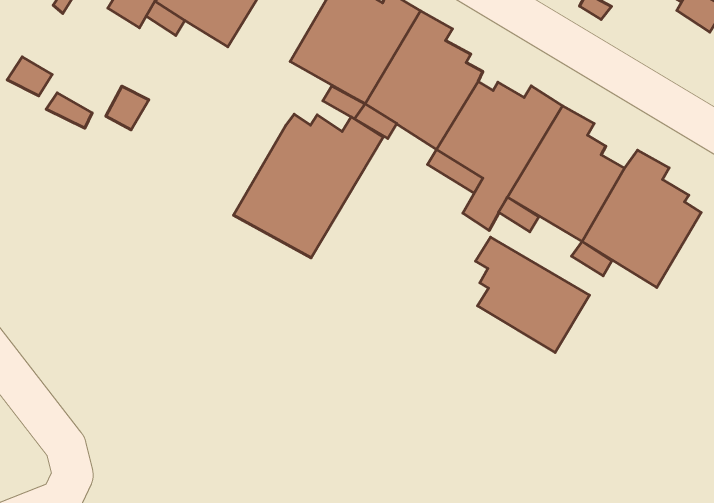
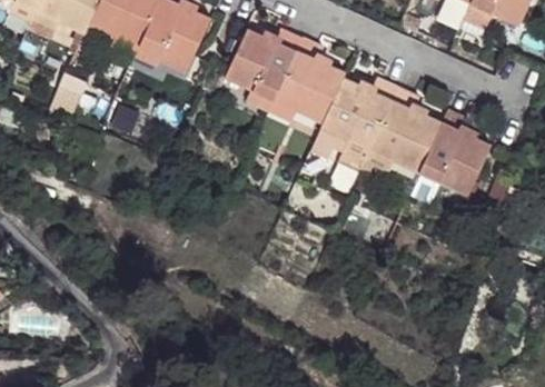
building: [234,114,383,258] -> none
building: [476,237,589,353] -> none

